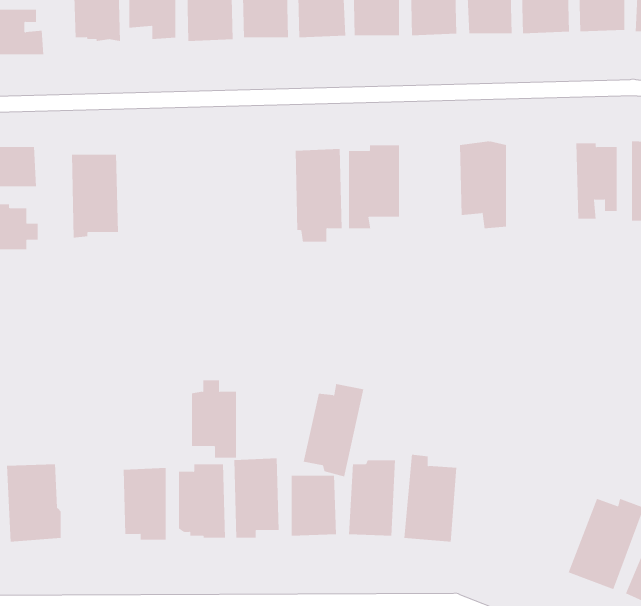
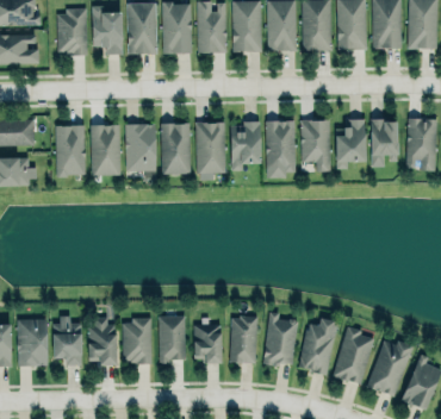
building: none -> [262,118,296,177]
building: none -> [336,118,366,168]
building: none -> [124,123,156,173]
building: none -> [161,123,191,174]
building: none -> [89,125,120,176]
building: [191,380,237,458] -> [52,315,81,364]
building: [303,384,364,477] -> [300,317,338,375]
building: none -> [331,329,374,384]

